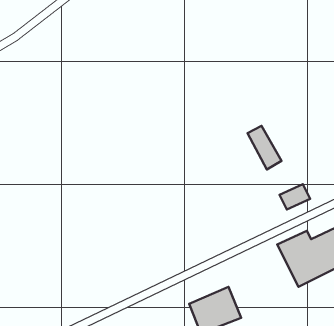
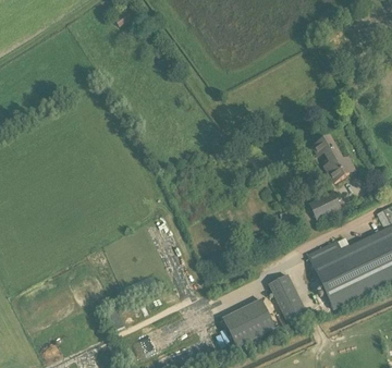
building: [248,126,282,169] -> [317,139,352,184]
building: none -> [267,273,306,322]

